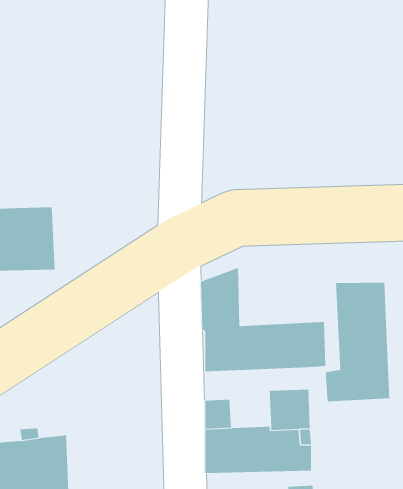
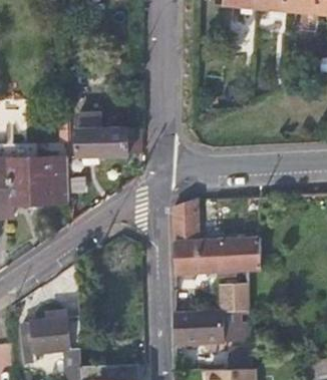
building: none -> [77,115,141,155]
building: [325,282,390,402] -> none

